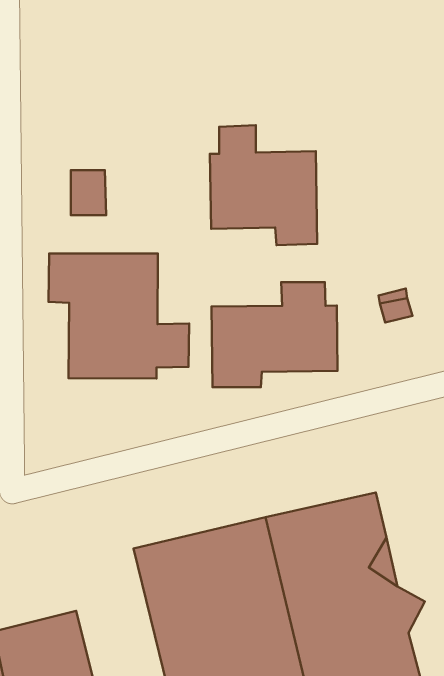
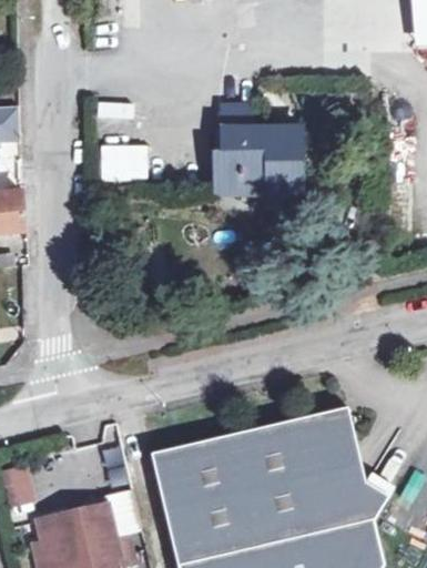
building: [48,254,189,379] -> none
building: [211,282,337,387] -> none

